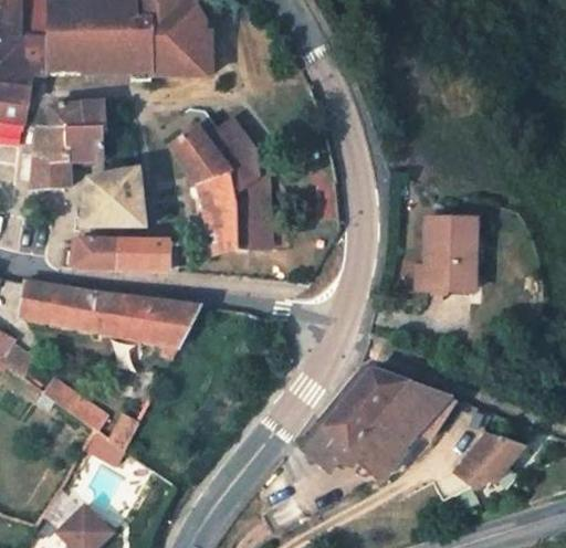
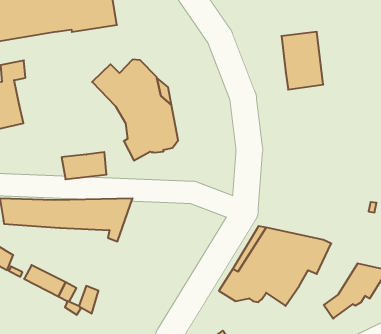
building: [65,102,106,161] -> none
building: [81,168,146,226] -> none
building: [426,218,474,289] -> [281,32,323,90]
building: [62,238,115,268] -> none

